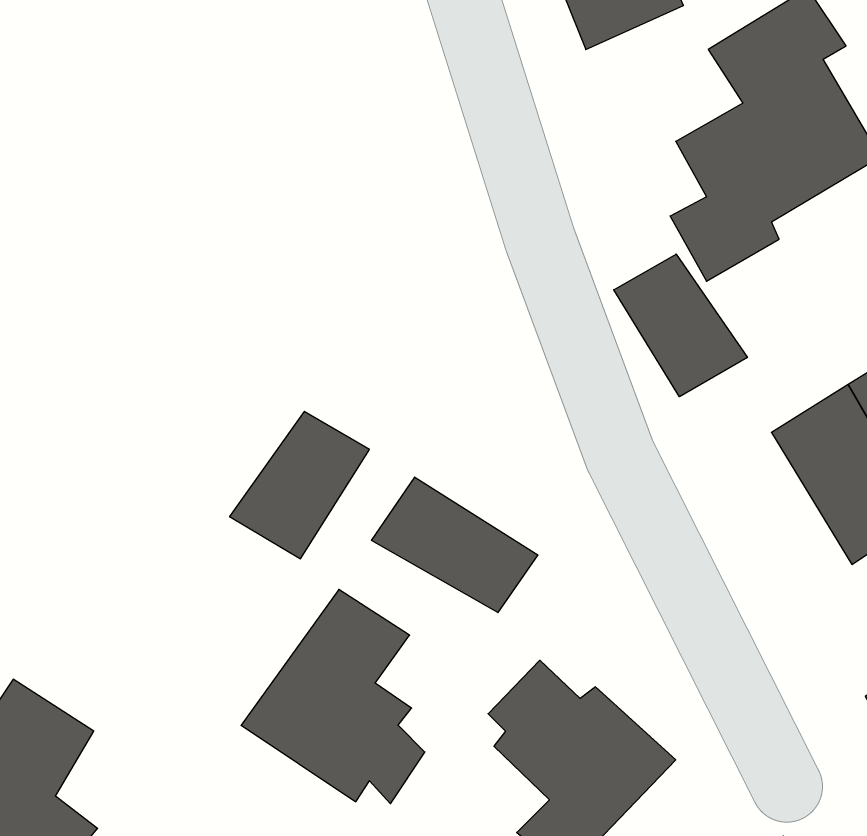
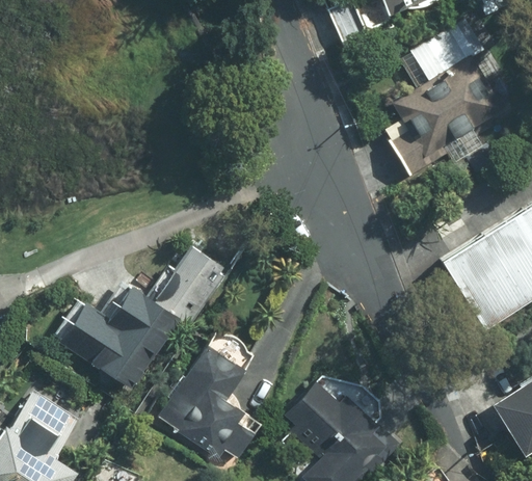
building: [614,254,747,397] -> none
building: [372,477,538,613] -> none
building: none -> [56,292,176,395]

